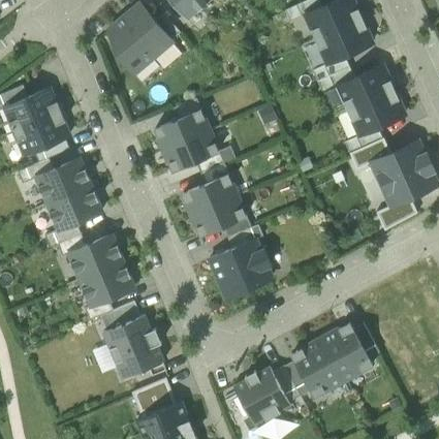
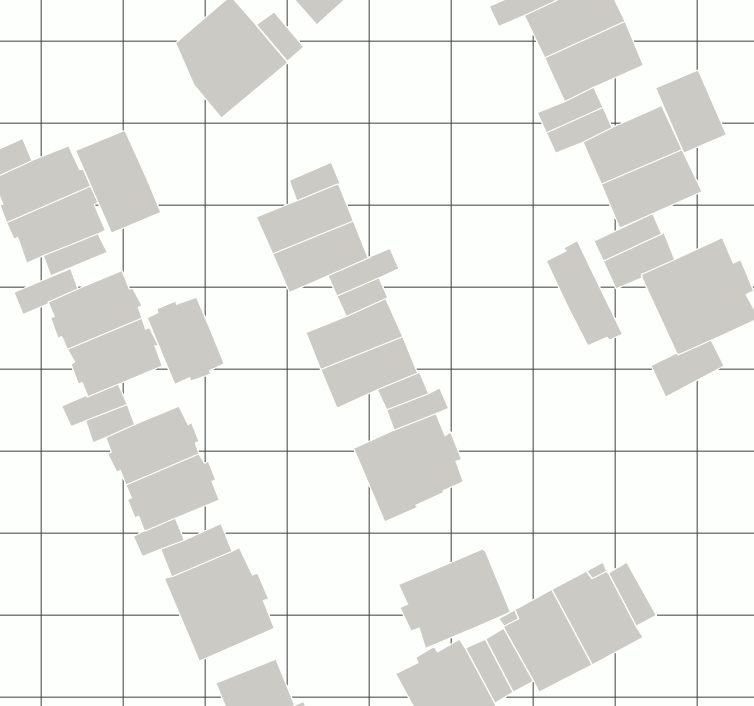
building: none -> [655,70,727,153]
building: none -> [76,130,161,233]
building: none -> [546,241,623,346]
building: none -> [147,297,224,384]
building: none -> [398,549,510,648]

